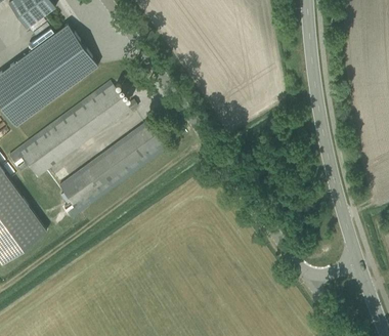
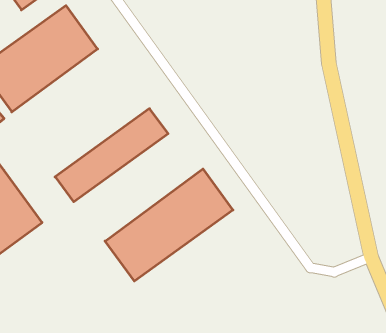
building: [11,85,137,176] -> none
building: none -> [105,169,233,281]

